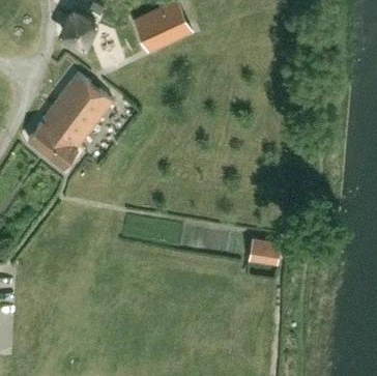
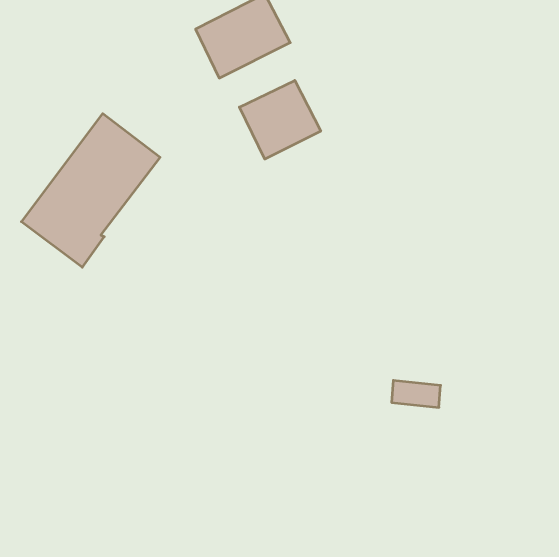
building: [62,12,95,46] -> none
building: none -> [239,80,321,159]

